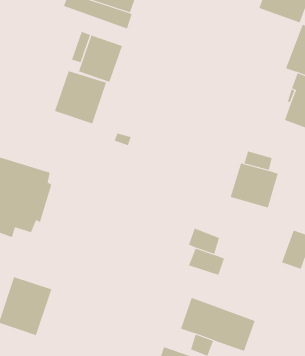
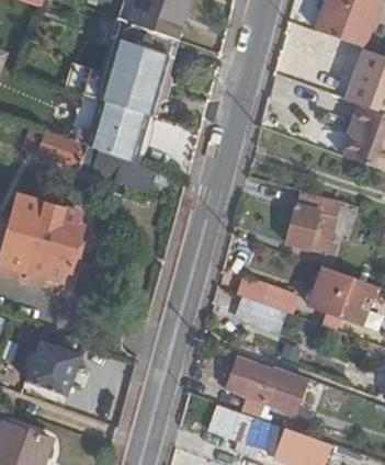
building: none -> [36,131,138,186]
building: none -> [307,265,352,314]

